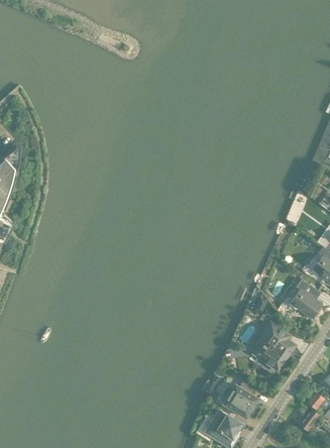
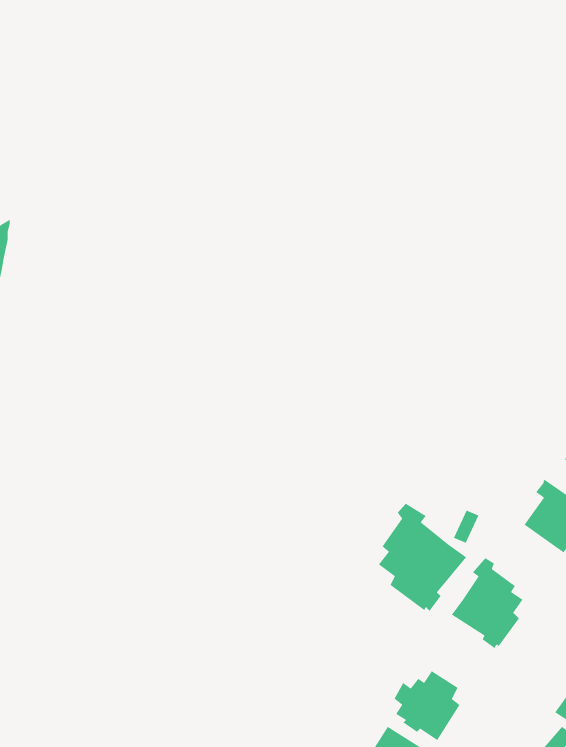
building: none -> [378,503,467,612]

